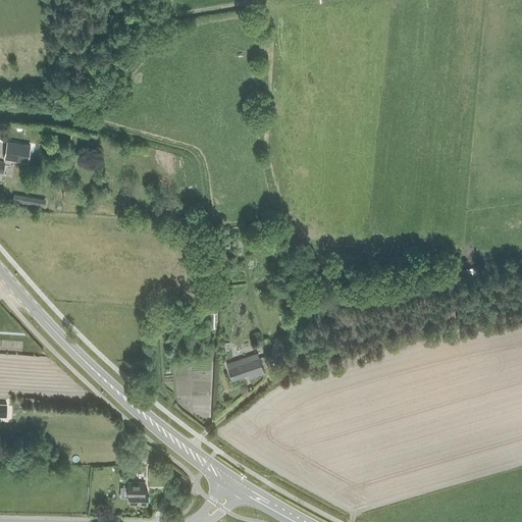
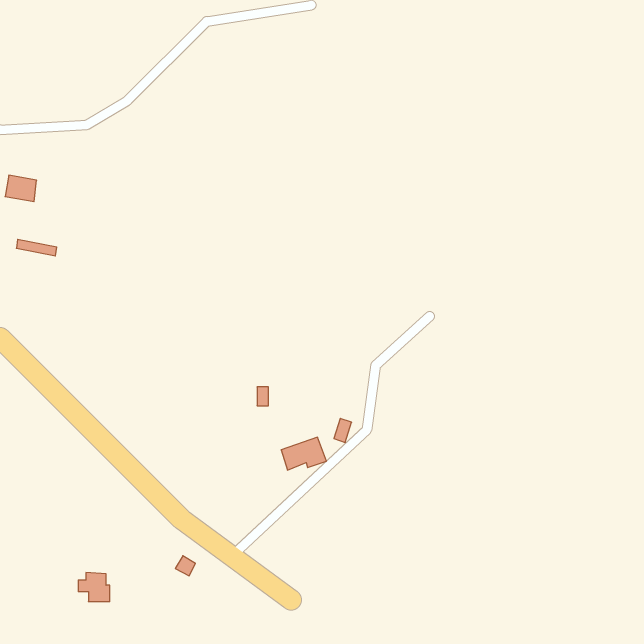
building: [121,481,147,505] -> [78,573,110,602]

